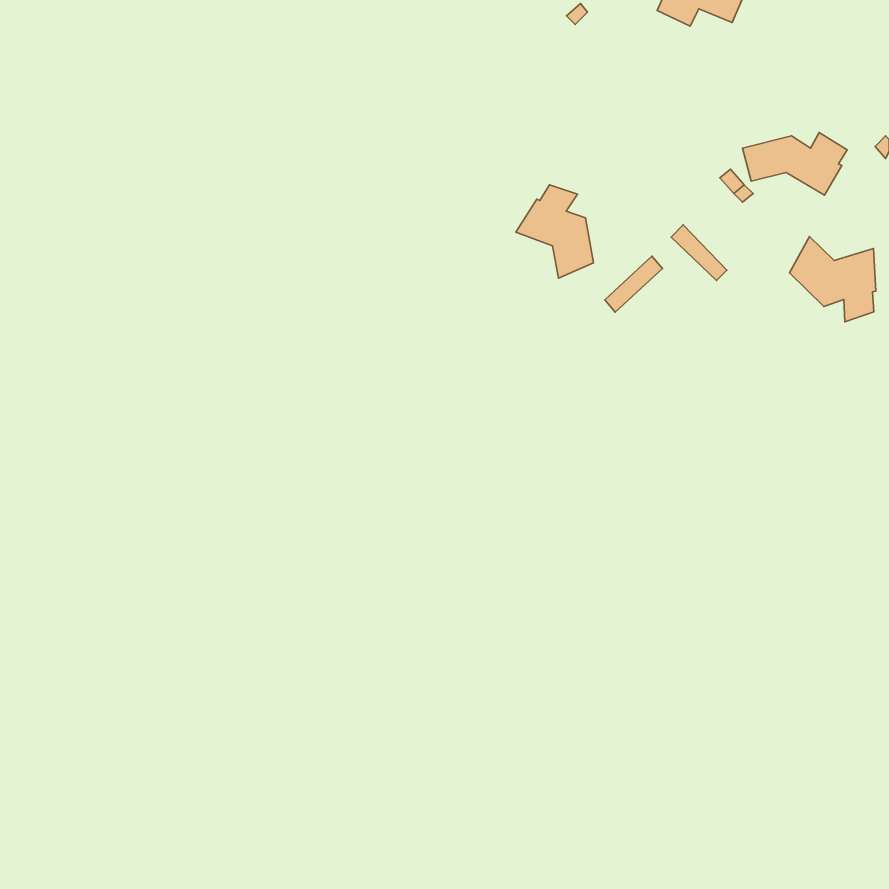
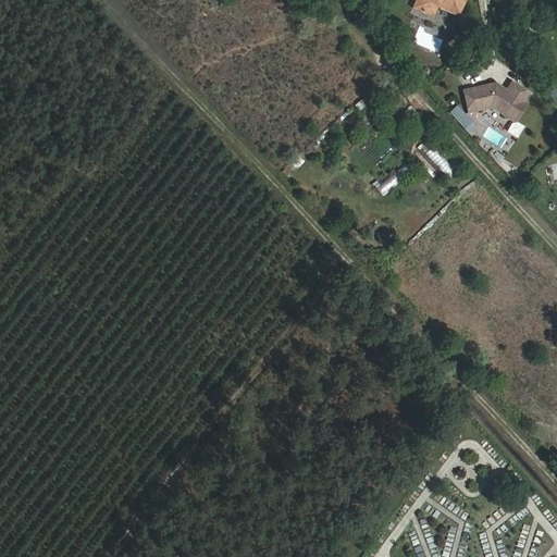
building: [516,185,593,278] -> none
building: [790,236,876,322] -> none

